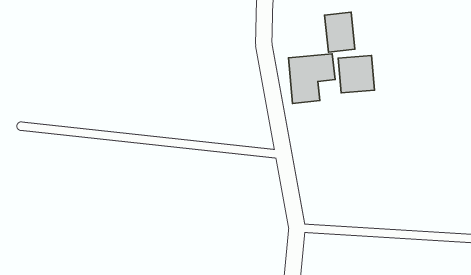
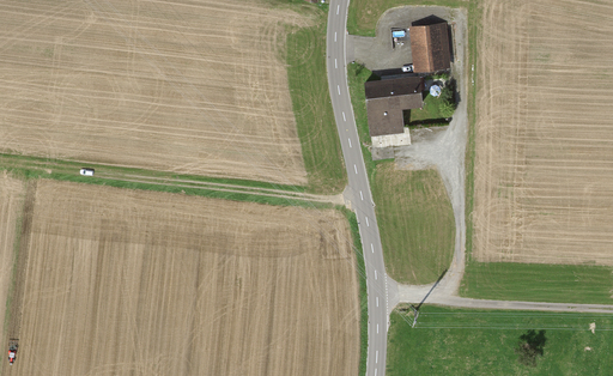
building: [338,55,374,93] -> none

